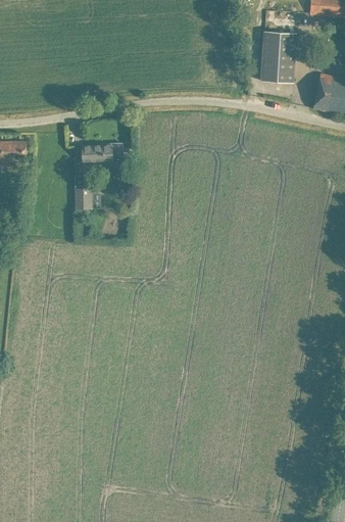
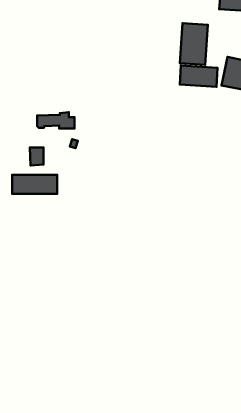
building: none -> [180,65,218,87]
building: none -> [12,175,57,194]

